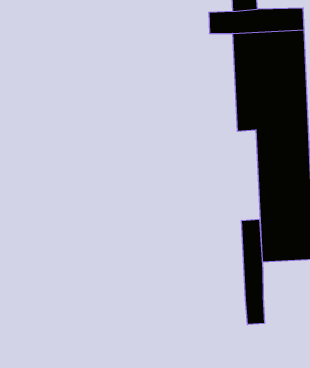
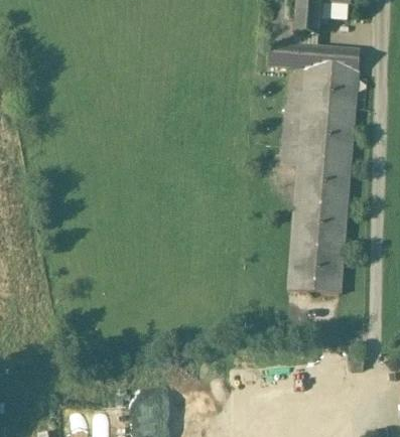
building: [242,219,264,325] -> none

